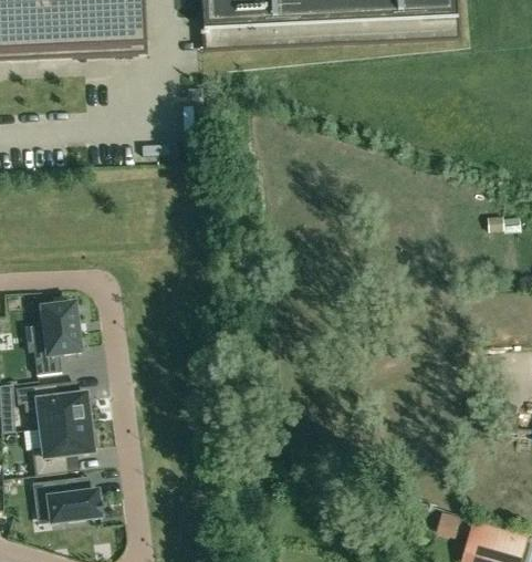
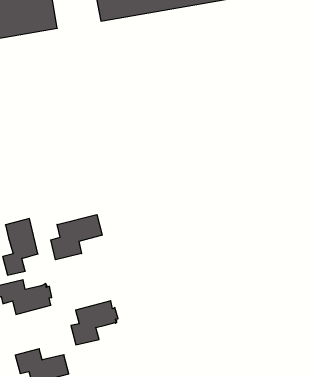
building: none -> [51,215,102,260]
building: [30,417,94,470] -> [71,301,118,345]

